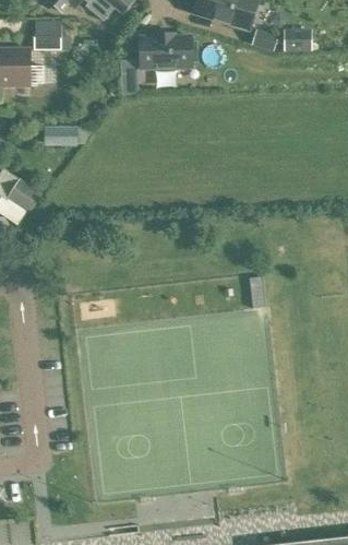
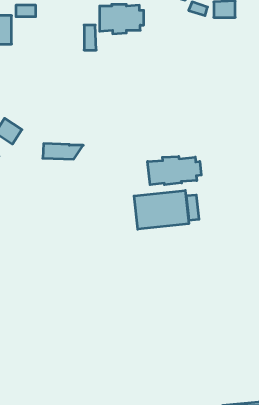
building: [44,125,95,144] -> [43,144,83,159]
building: none -> [148,156,201,185]
building: none -> [134,190,189,229]

